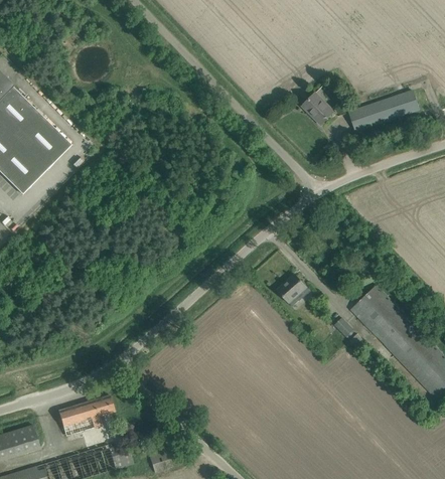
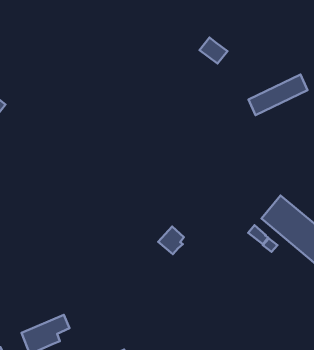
building: [349,90,419,131] -> [249,74,308,115]
building: [277,274,307,306] -> [158,226,184,254]

